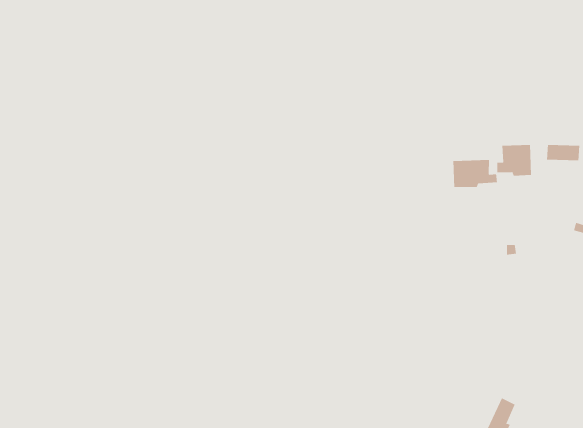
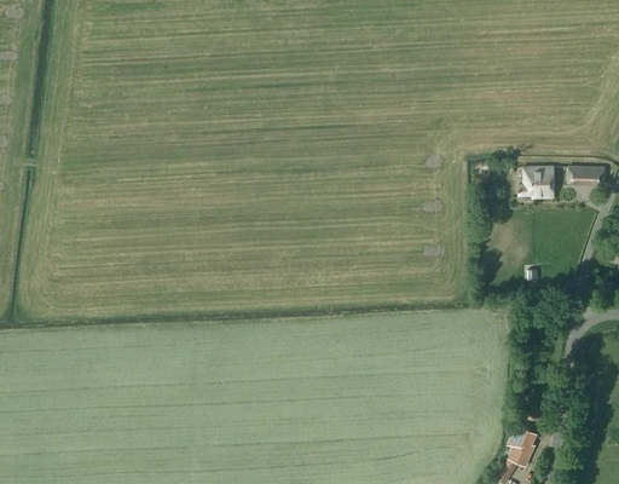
building: [453,159,497,188] -> none

